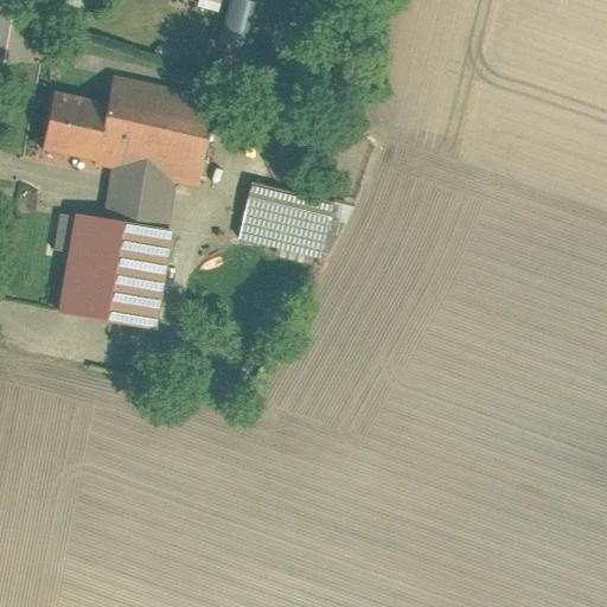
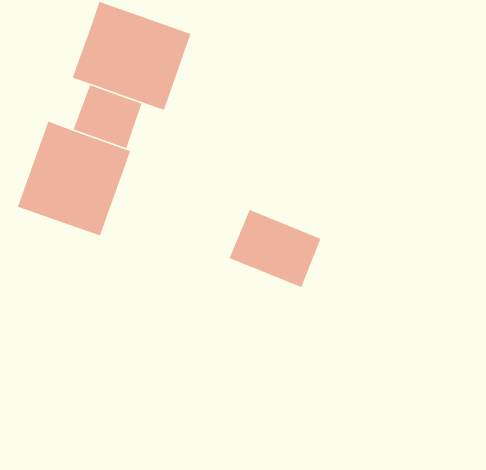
building: [39,92,107,158] -> none
building: [235,183,332,260] -> [228,209,322,288]

